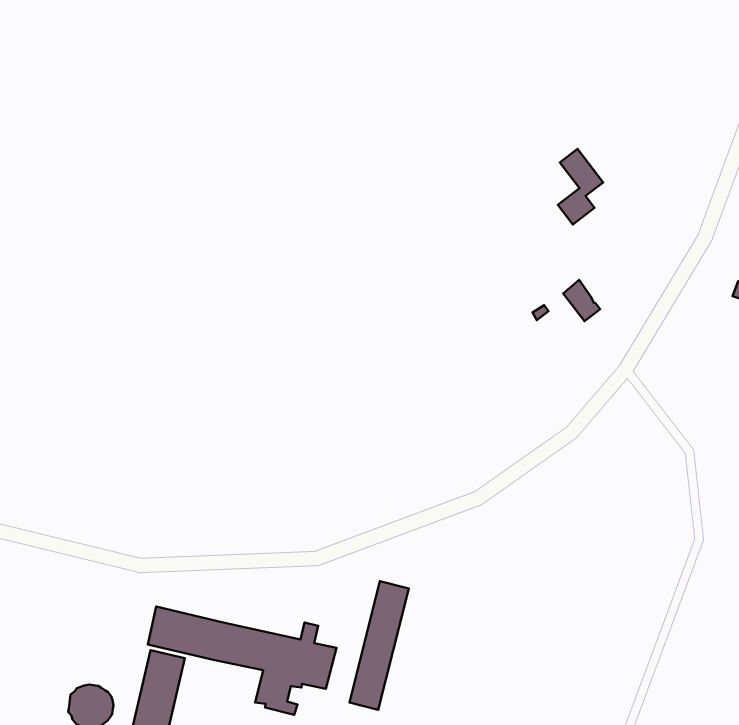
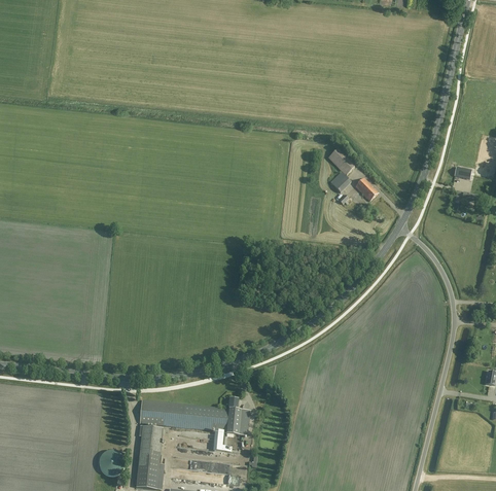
building: [558,149,603,224] -> [327,148,354,192]
building: [349,581,409,710] -> none

